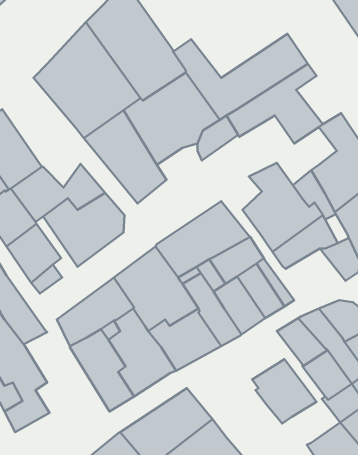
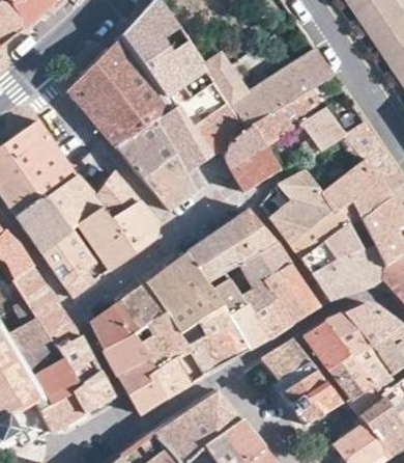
building: none -> [230,144,280,192]
building: none -> [311,254,369,299]
building: none -> [58,335,113,413]
building: none -> [262,341,310,381]

